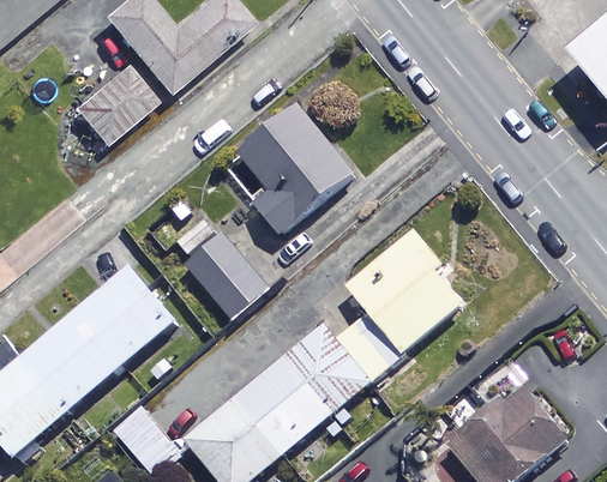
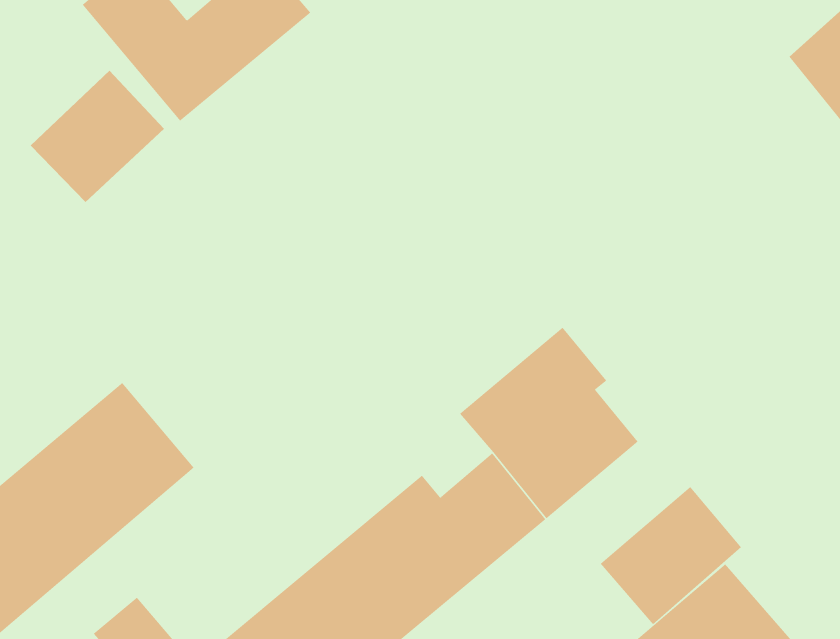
building: [240,107,355,235] -> none
building: [168,211,271,319] -> none
building: none -> [600,486,742,625]

